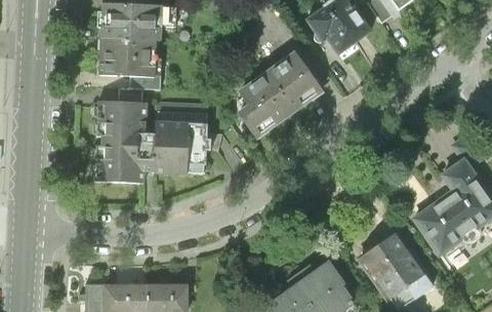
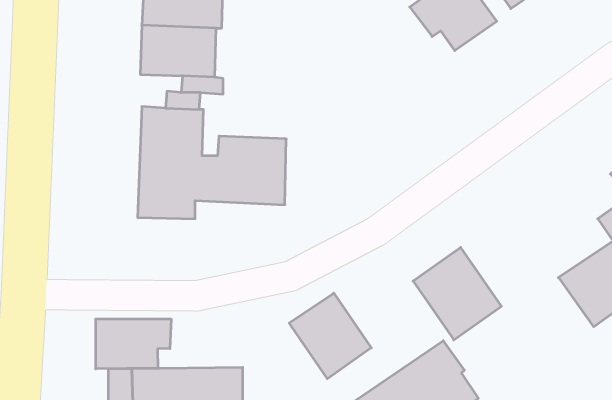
building: [235,51,320,135] -> none
building: none -> [289,293,371,379]
building: [359,234,423,302] -> [413,247,501,340]
building: none -> [96,319,171,369]

